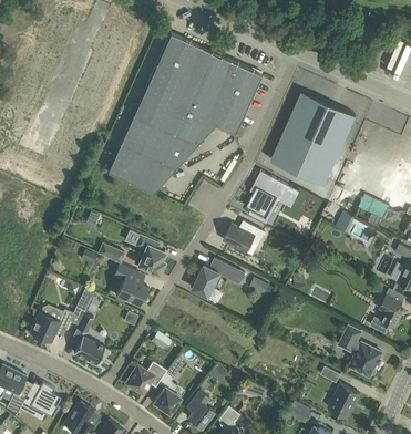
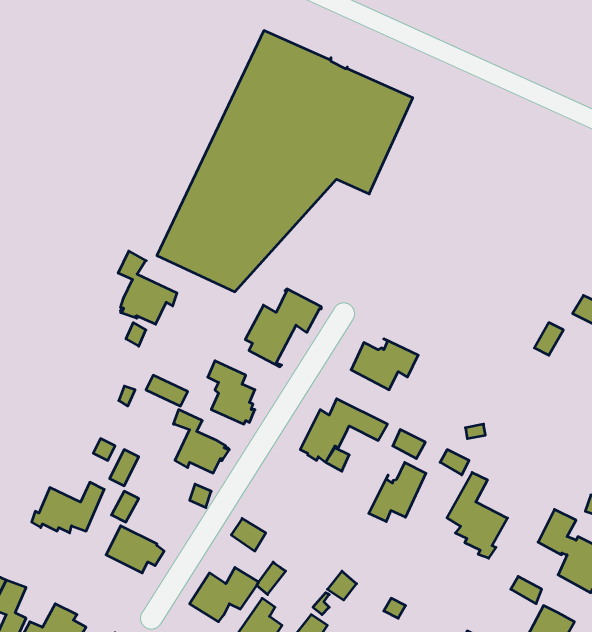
building: [270,91,355,184] -> none
building: none -> [118,251,177,324]
building: [245,176,291,224] -> [245,289,321,367]
building: none -> [369,462,426,522]
building: none -> [447,472,508,558]

